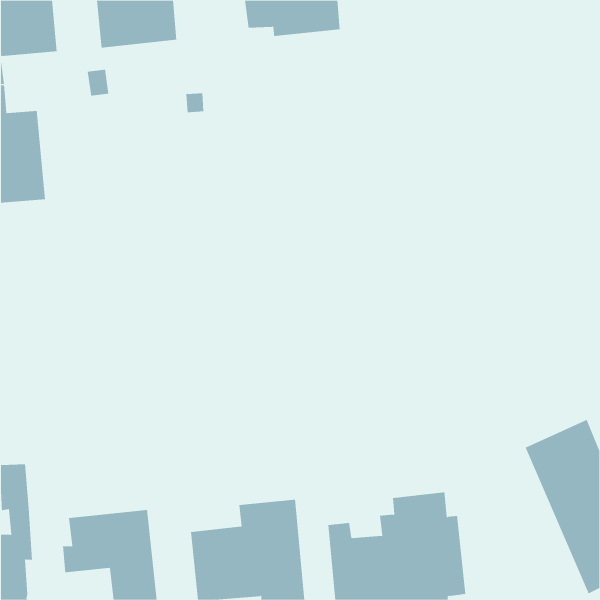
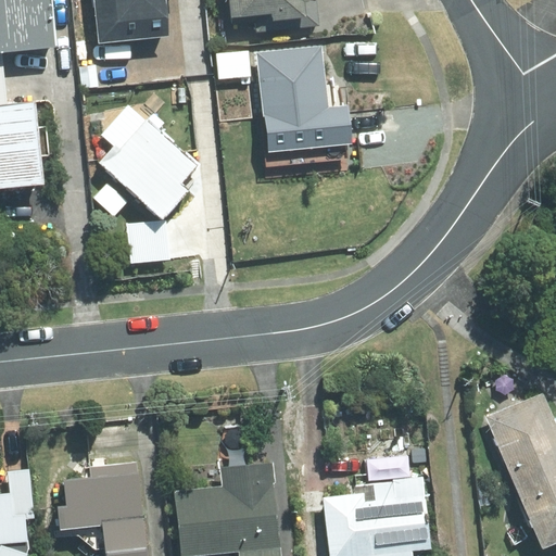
building: none -> [258,45,354,152]
building: none -> [96,115,195,222]

